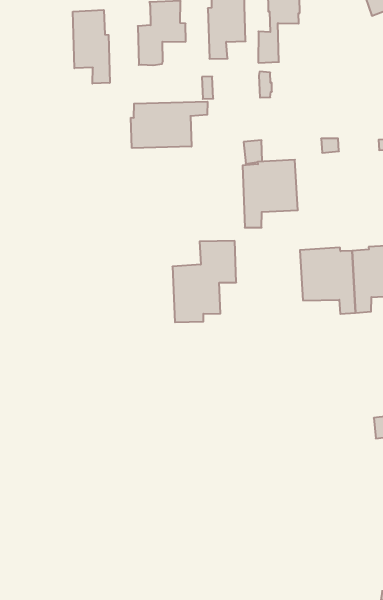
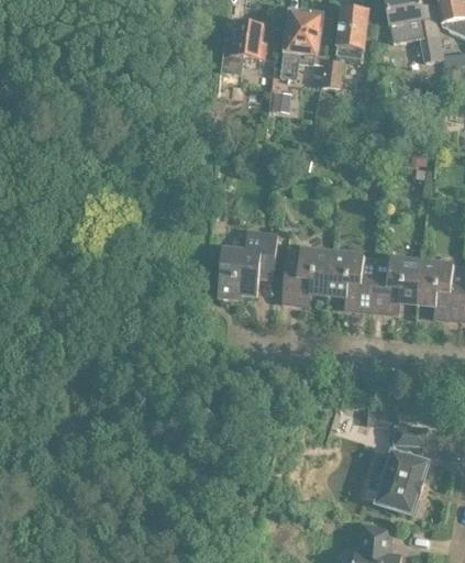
building: [73,10,110,84] -> none
building: [131,102,207,148] -> none
building: [243,160,298,228] -> [280,249,332,305]

